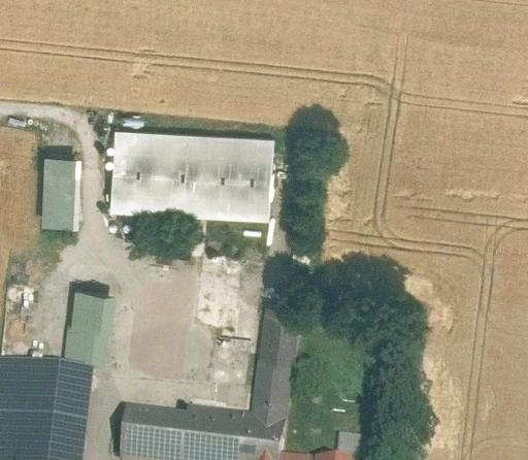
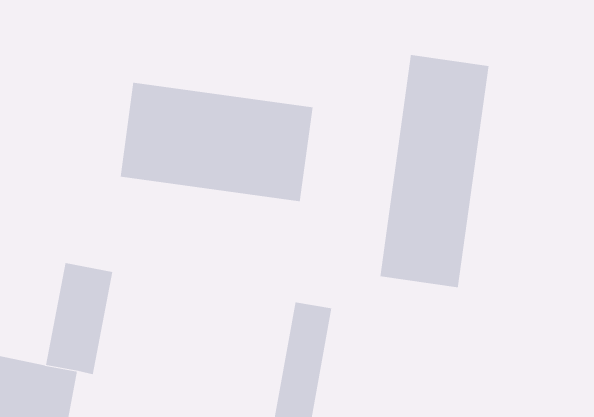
building: none -> [380,54,489,288]
building: [47,154,84,224] -> none

